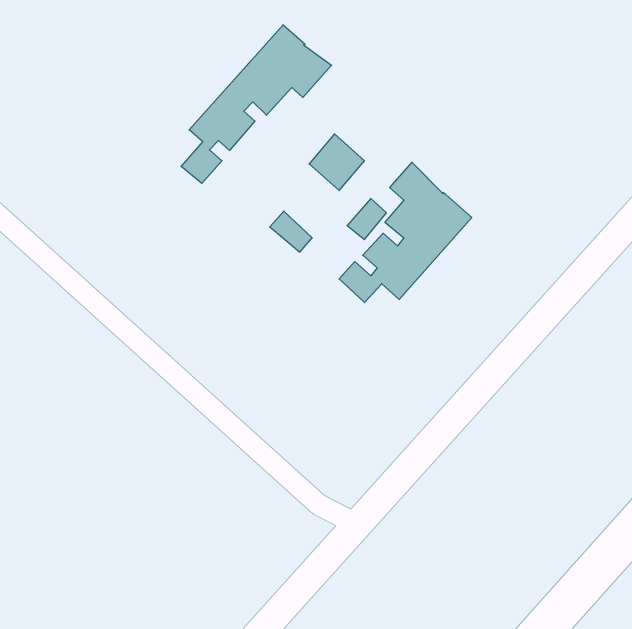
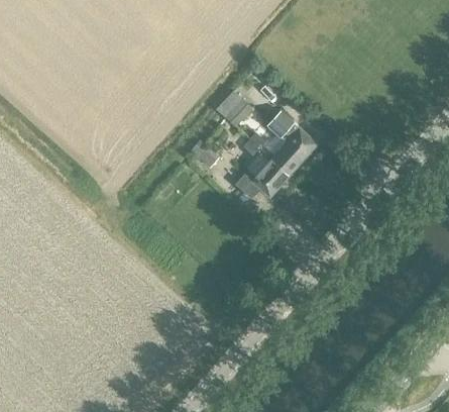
building: [181,25,332,183] -> none

